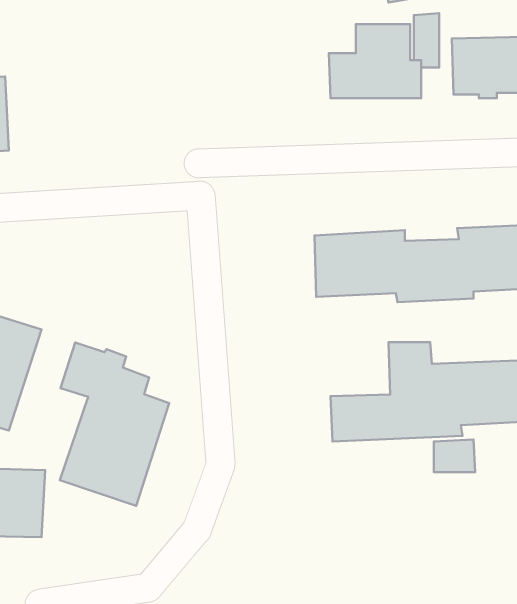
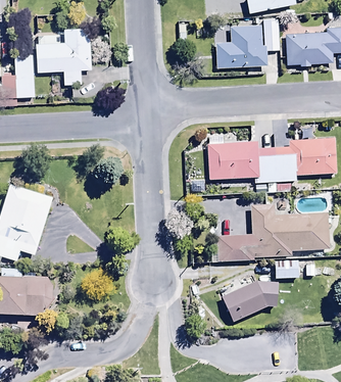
building: none -> [37,29,92,84]
building: [60,343,169,506] -> none
building: none -> [222,280,280,324]

